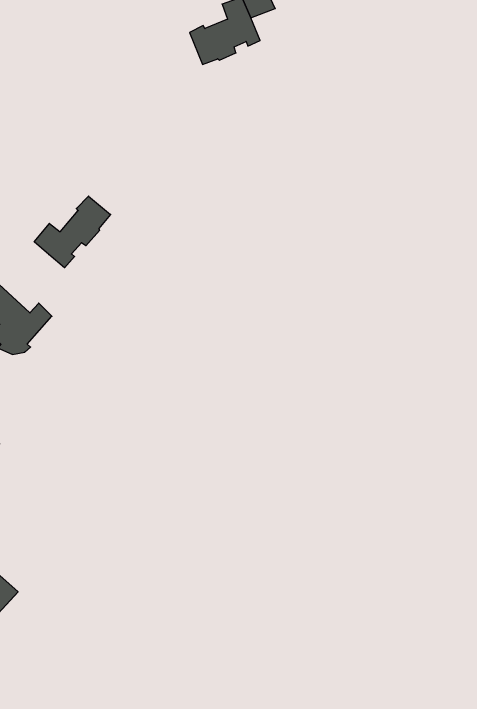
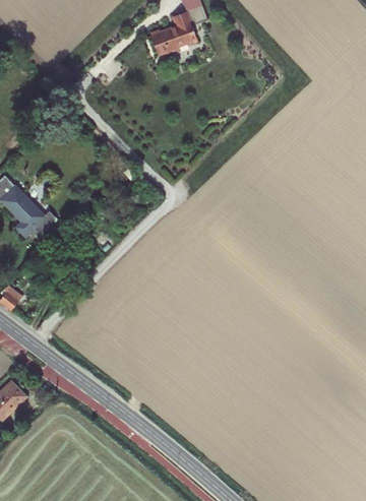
building: [34,196,111,268] -> none

